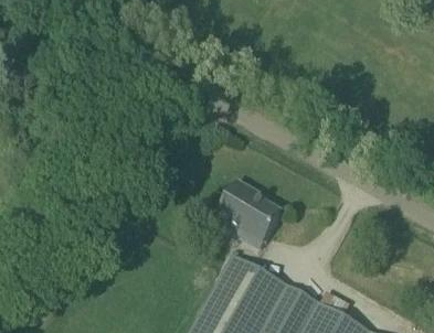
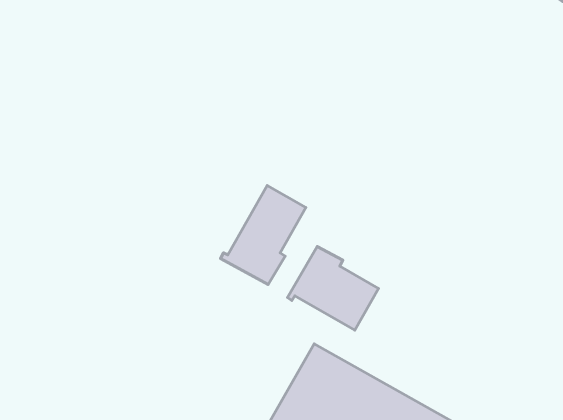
building: none -> [221,186,306,285]

